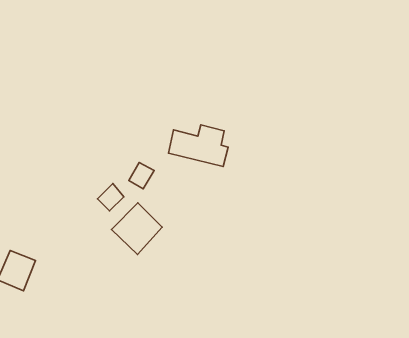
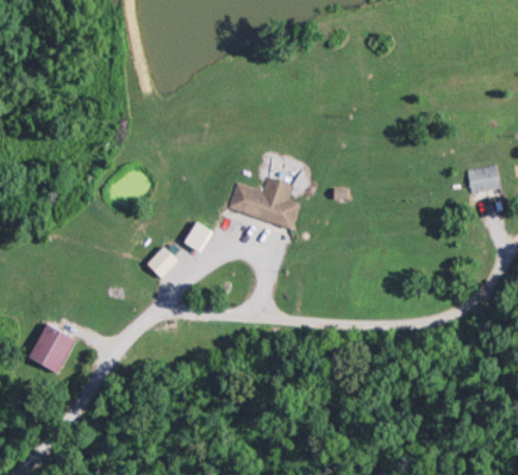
building: none -> [468,164,503,194]
building: [111,203,162,254] -> none

